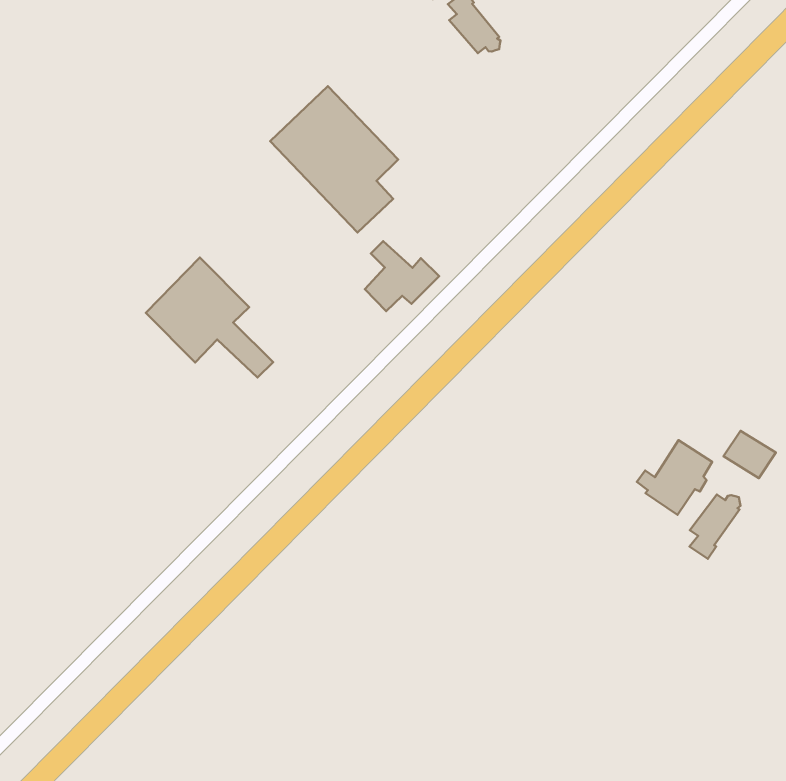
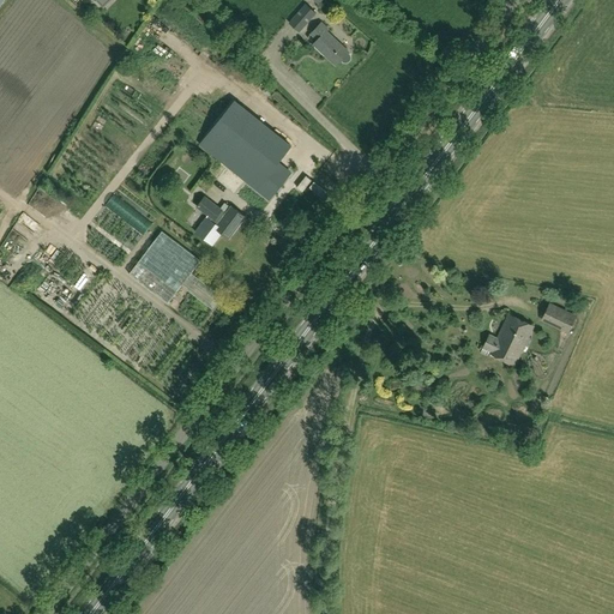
building: [365,241,439,311] -> [194,197,245,245]
building: [690,495,741,559] -> none

